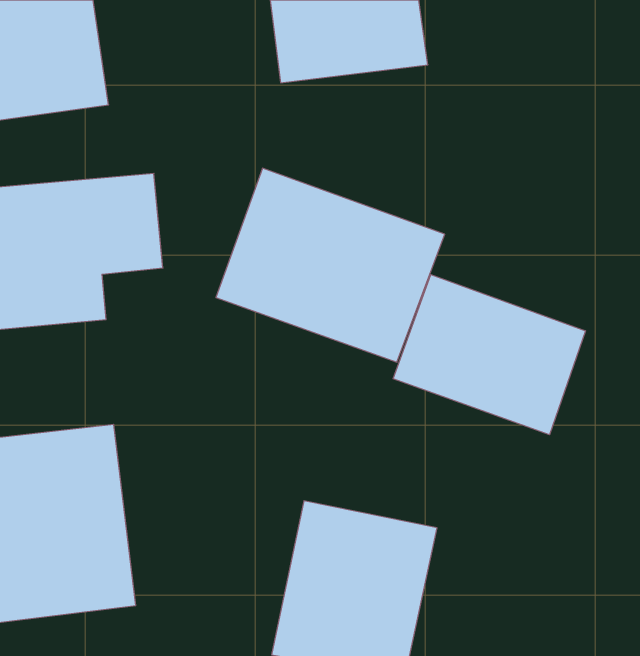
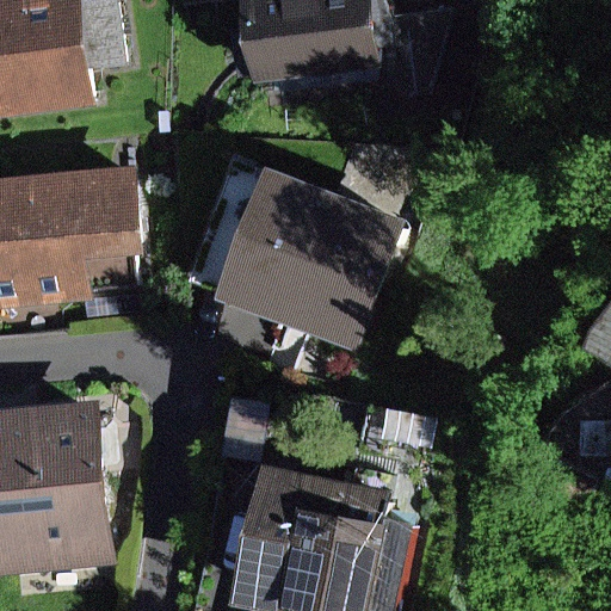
building: [393,275,585,435] -> none

